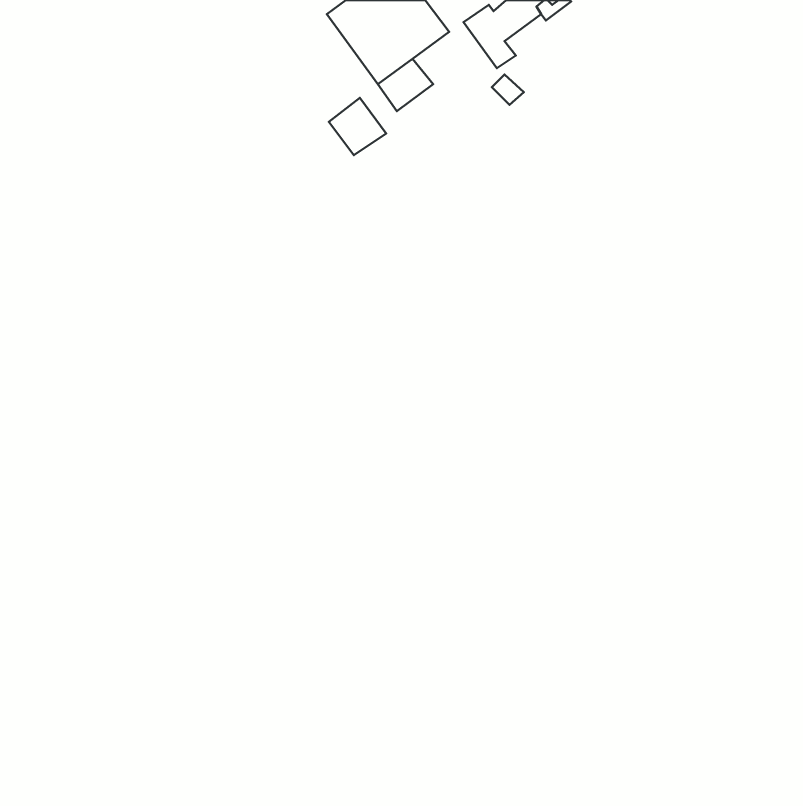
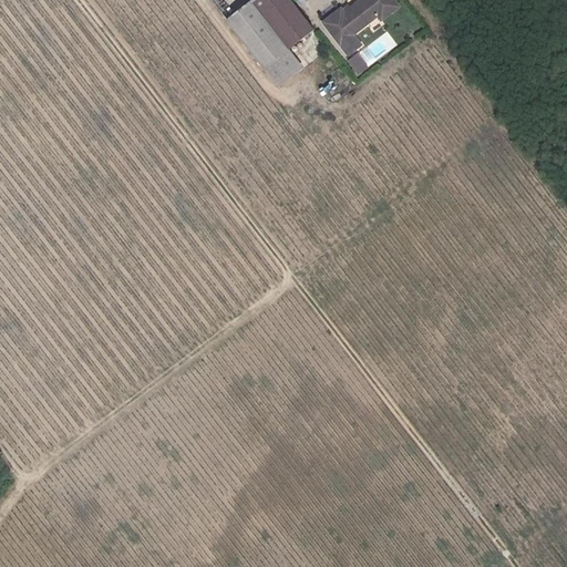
building: [329,98,386,155] -> none

